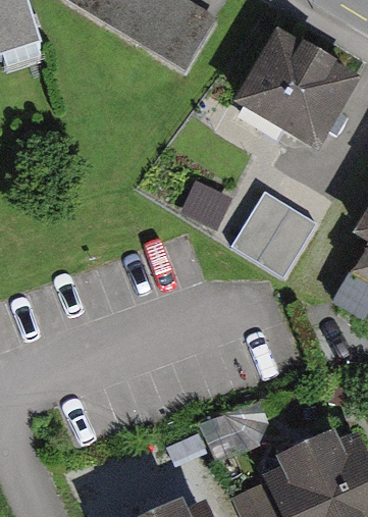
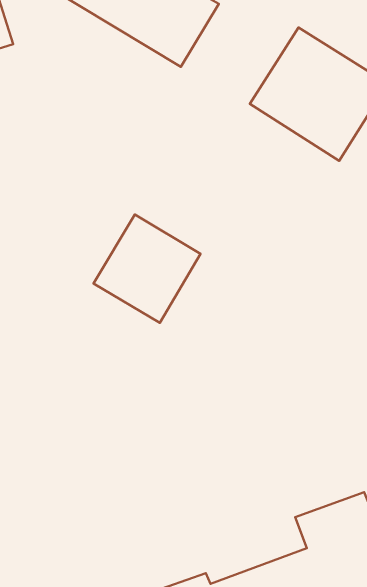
building: [226,185,318,277] -> [93,214,200,323]

